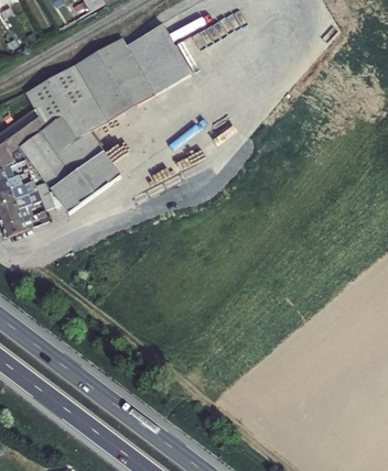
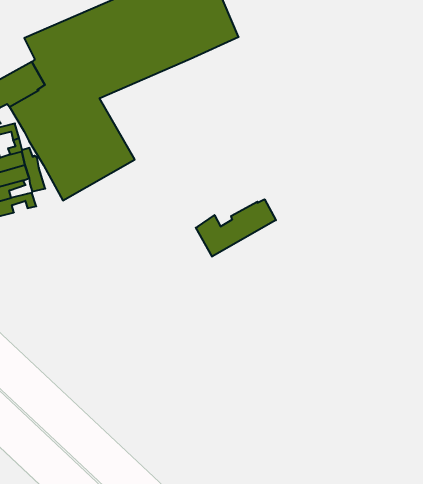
building: none -> [196,199,276,257]

